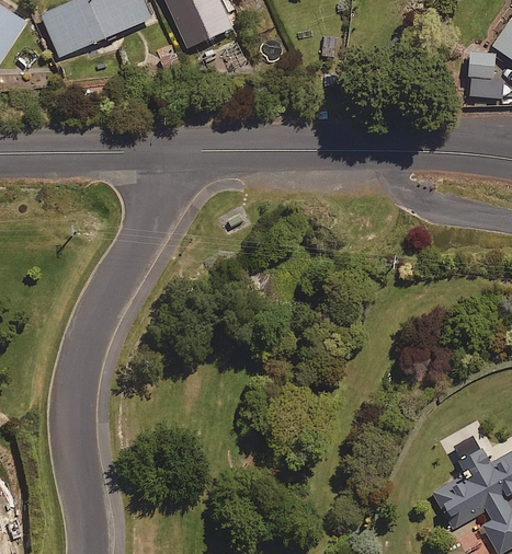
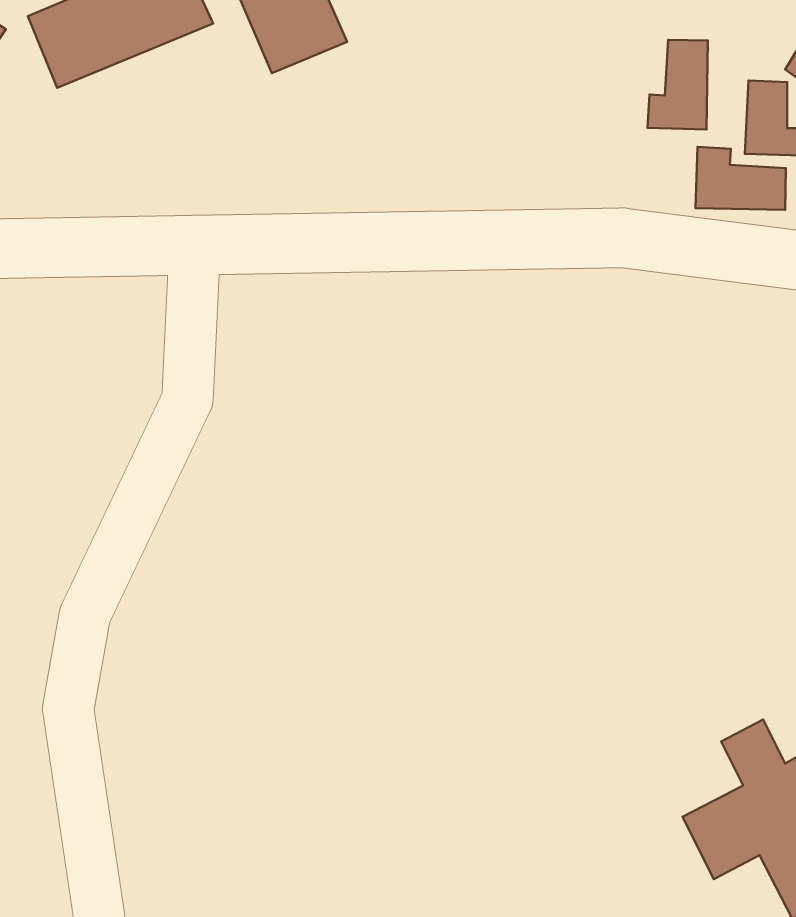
building: none -> [648,40,708,130]
building: none -> [695,147,786,210]

